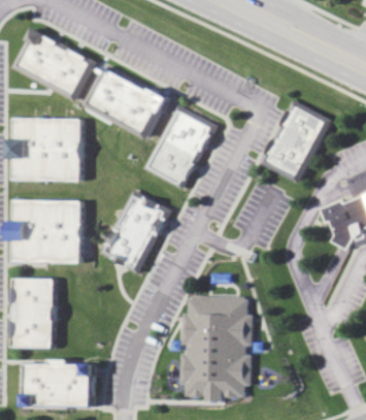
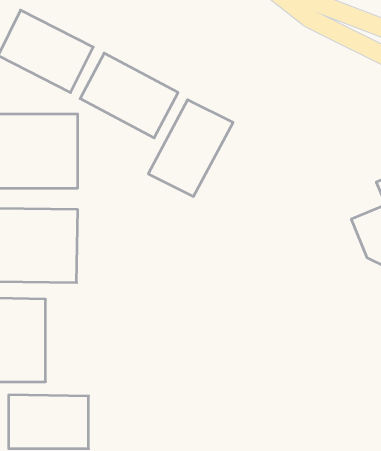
building: [261,103,327,181] -> none
building: [97,188,171,272] -> none
building: [185,293,252,400] -> none

